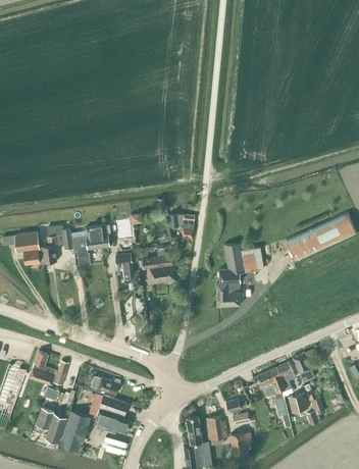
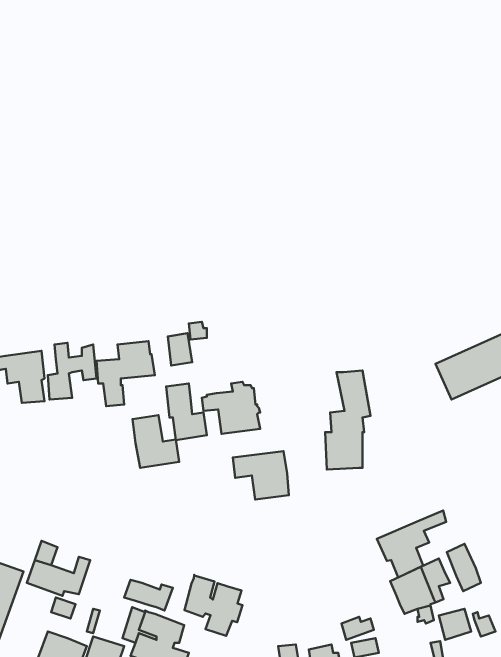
building: [169,214,194,239] -> none
building: [241,247,264,272] -> none
building: none -> [133,415,179,468]
building: none -> [233,451,289,499]
building: none -> [377,510,446,577]
building: none -> [185,575,243,636]

